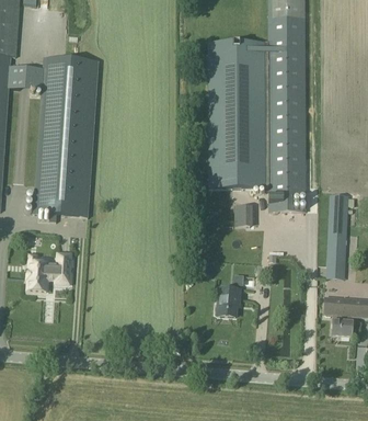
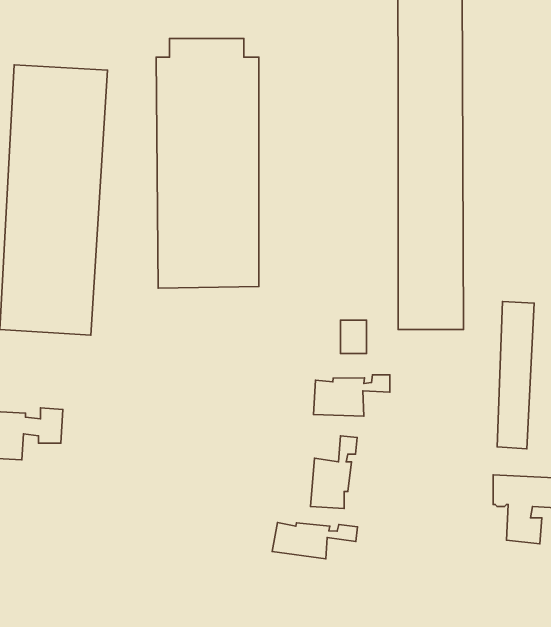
building: [208,41,268,187] -> [156,38,259,288]
building: none -> [314,375,390,416]
building: none -> [272,522,358,559]

